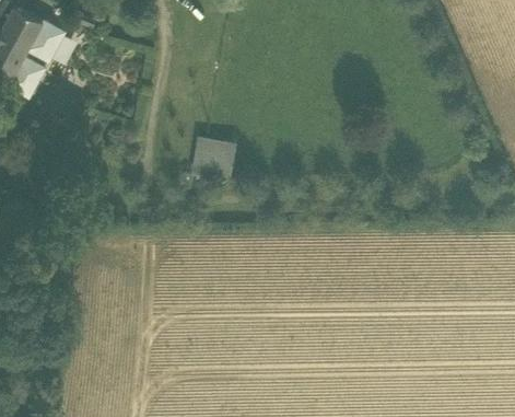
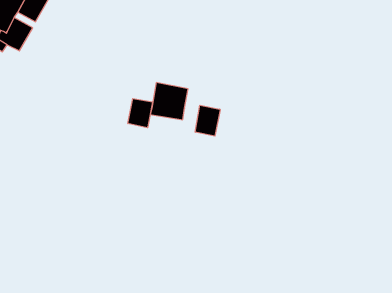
building: none -> [128,99,153,128]
building: none -> [195,105,220,136]

